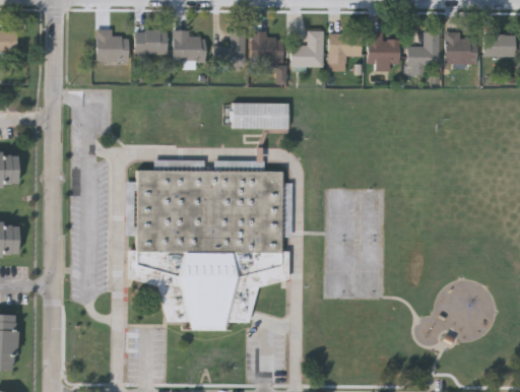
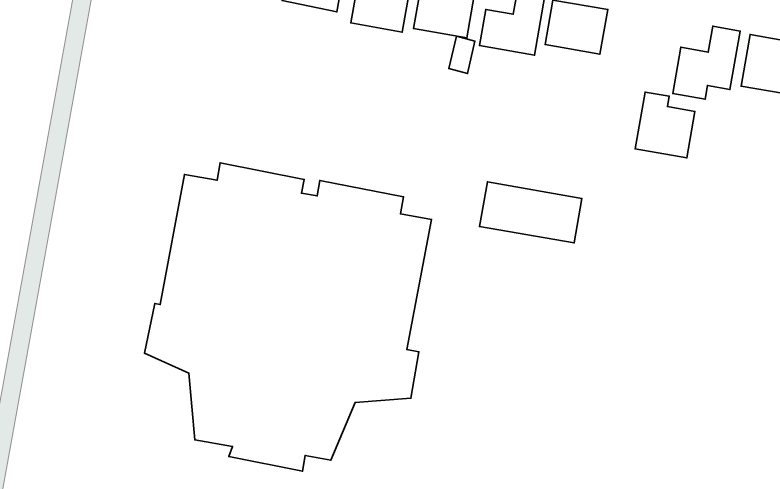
building: [369,34,399,67] -> [635,92,695,158]
building: [233,103,288,129] -> [480,182,582,243]

